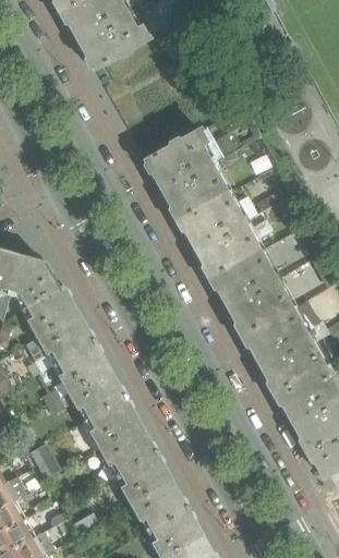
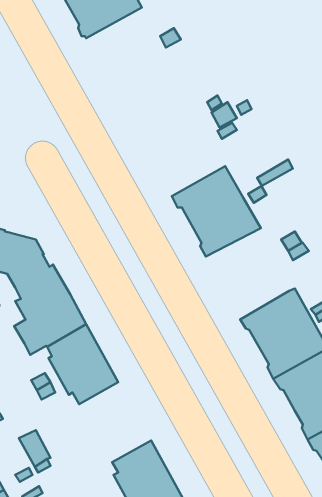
building: [145,130,227,219] -> none
building: [208,250,293,337] -> none
building: [87,397,156,473] -> none

